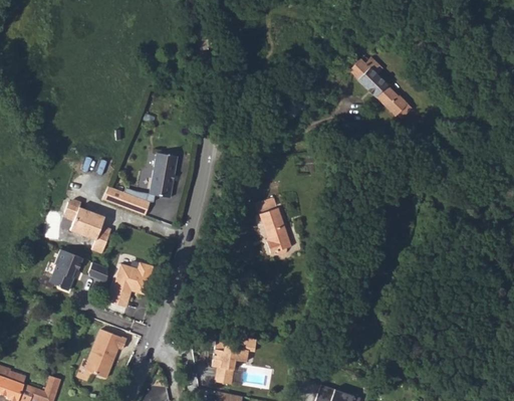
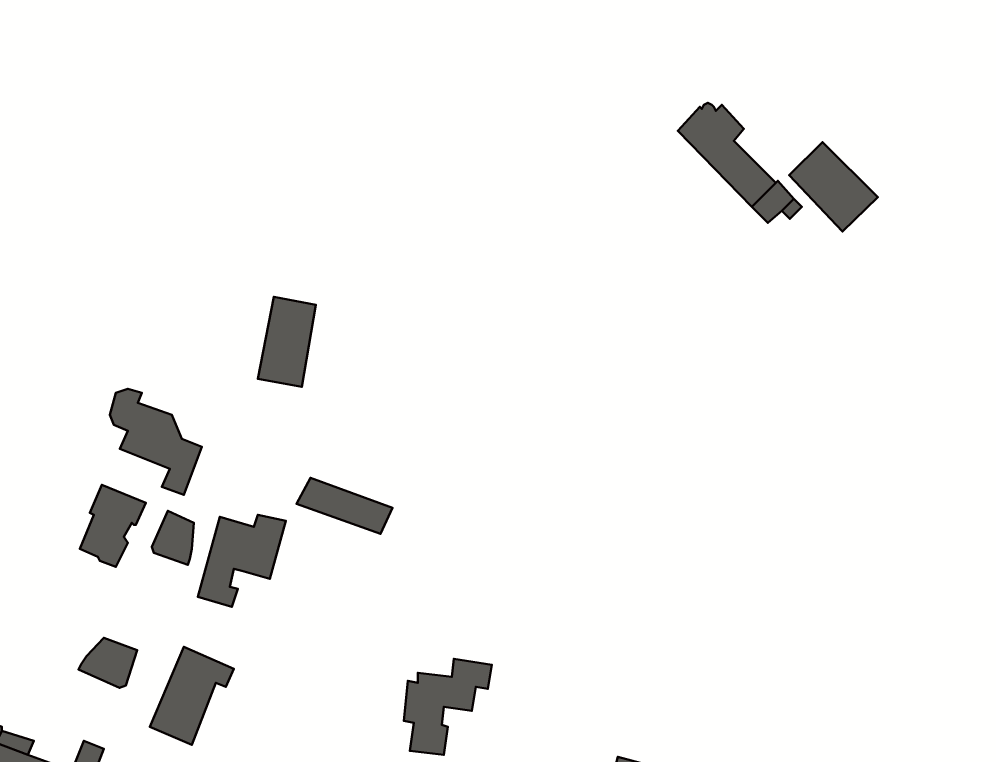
building: none -> [789,142,878,232]
building: [101,188,150,216] -> [297,478,393,534]
building: [258,207,289,253] -> none
building: none -> [79,638,137,688]

